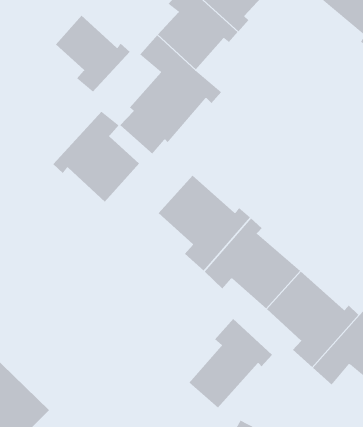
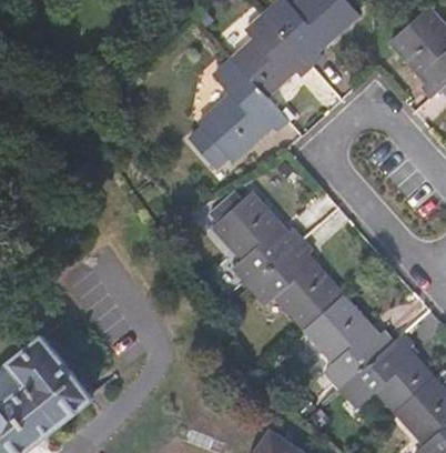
building: [55,15,130,92] -> none
building: [52,111,140,203] -> none
building: [188,318,273,409] -> none

